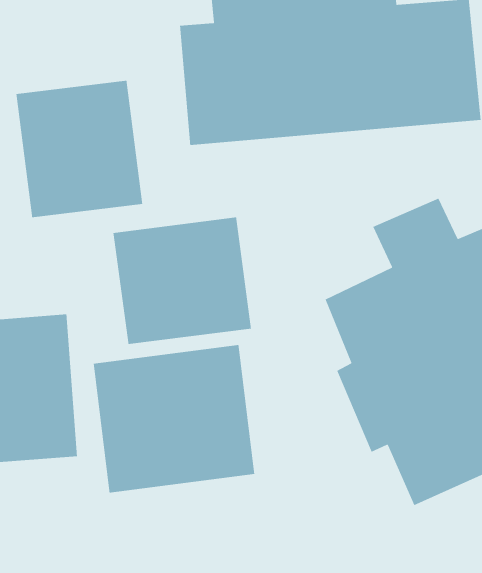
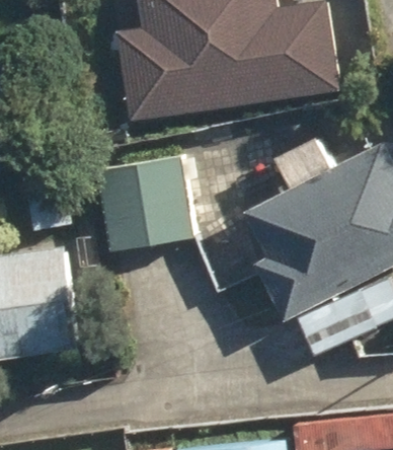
building: [15,80,143,218] -> none
building: [93,344,255,493] -> none

